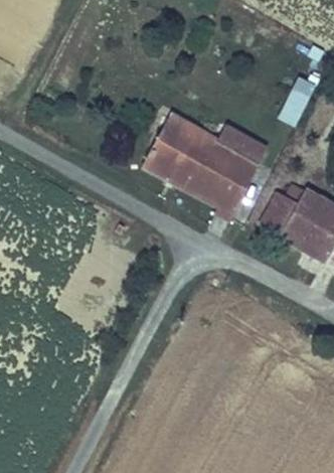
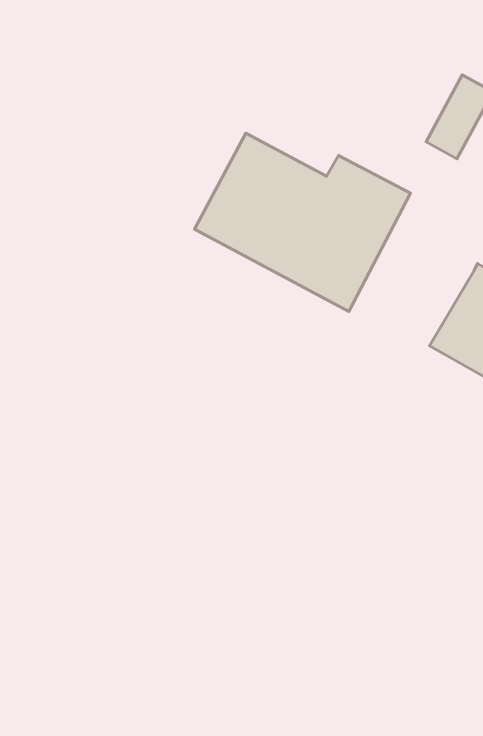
building: [258,183,306,235] -> none

